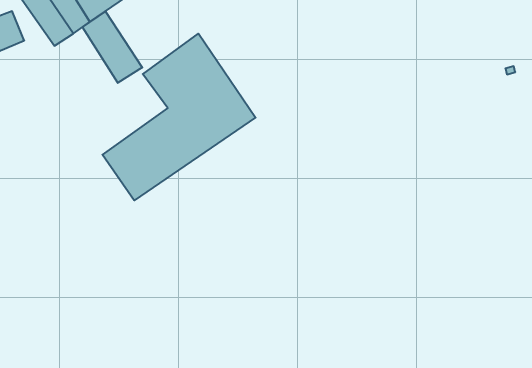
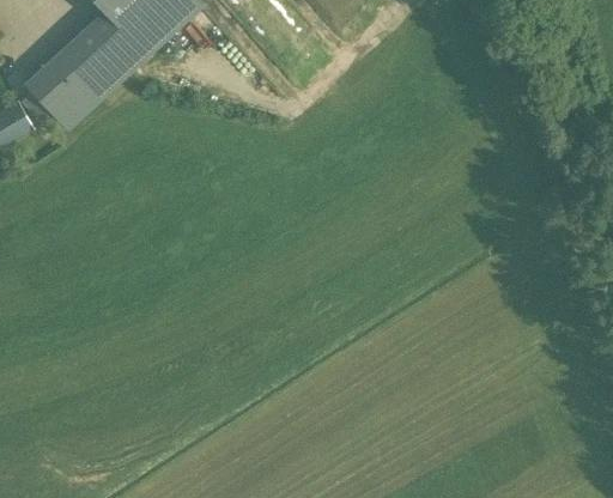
building: [82,11,142,83] -> none
building: [102,34,256,200] -> none

